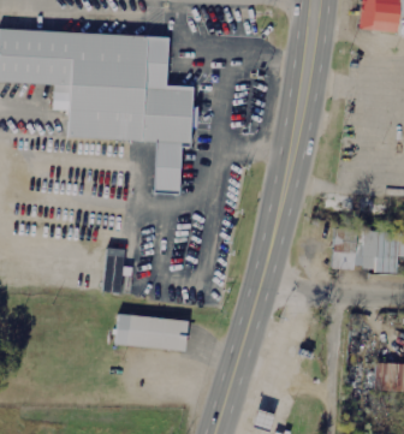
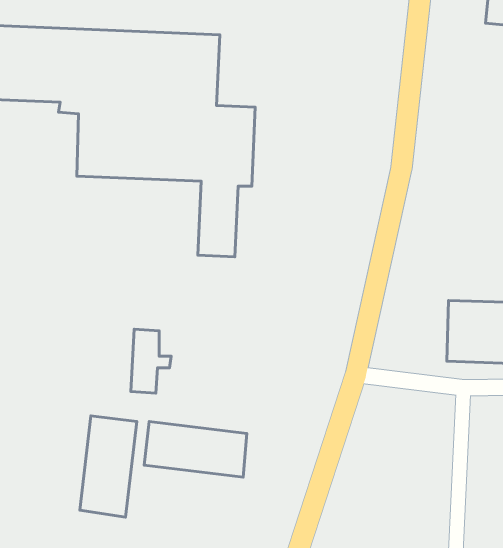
building: none -> [80,416,137,517]

